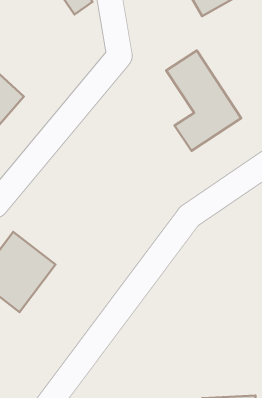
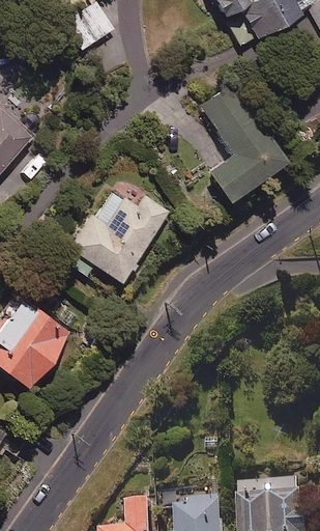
building: none -> [61,190,169,279]

